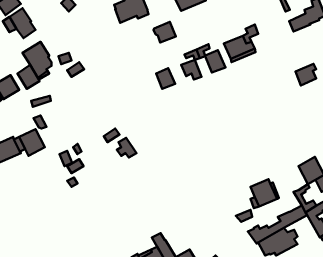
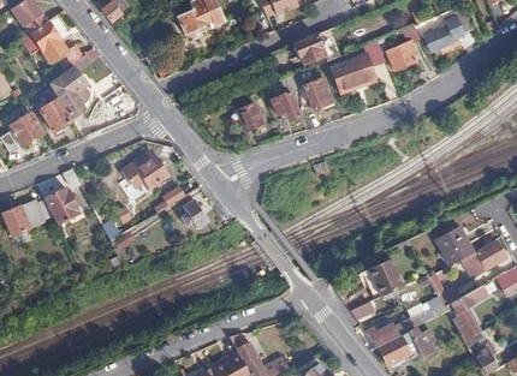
building: [153,22,176,42] -> [292,35,323,64]
building: [296,64,316,85] -> [387,40,416,70]
building: none -> [123,150,168,186]

